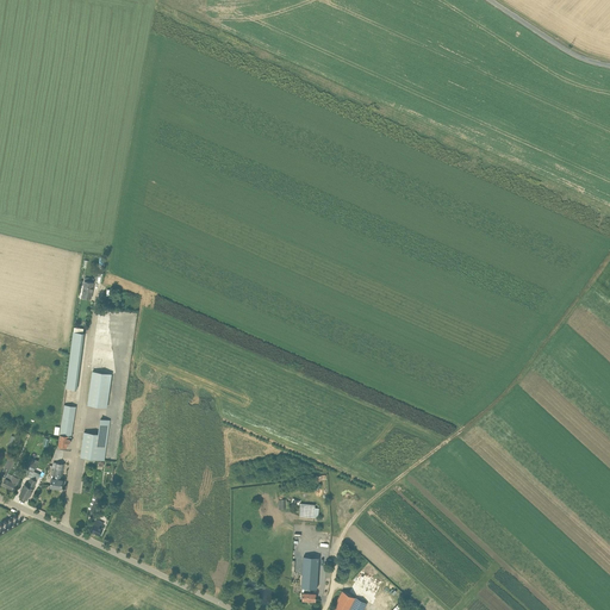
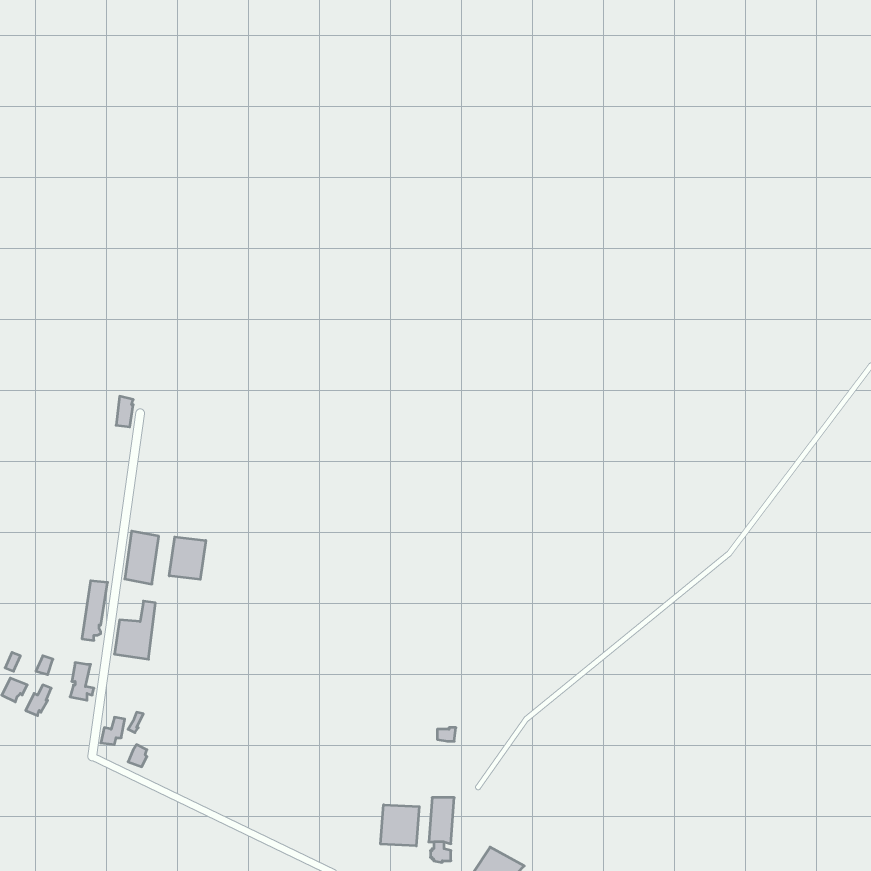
building: none -> [169,537,206,579]
building: none -> [381,805,419,846]

